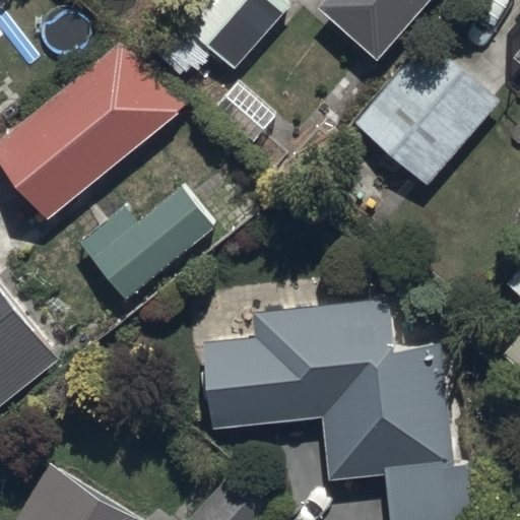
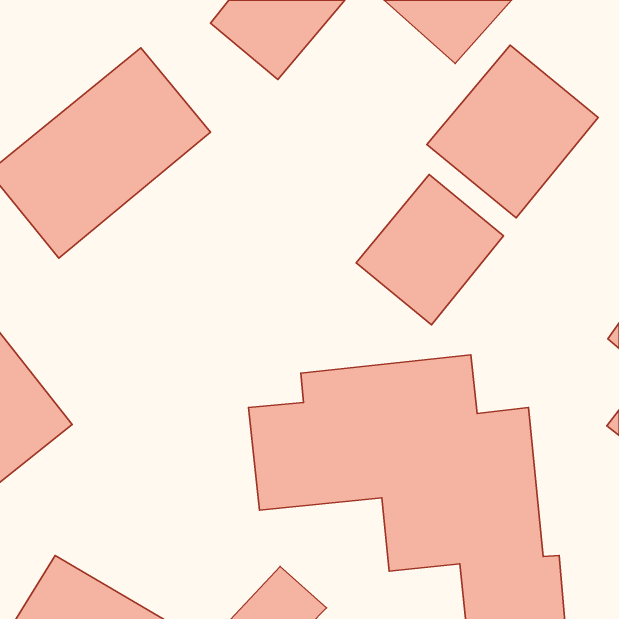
building: none -> [356,174,503,325]
building: [78,185,213,301] -> none

